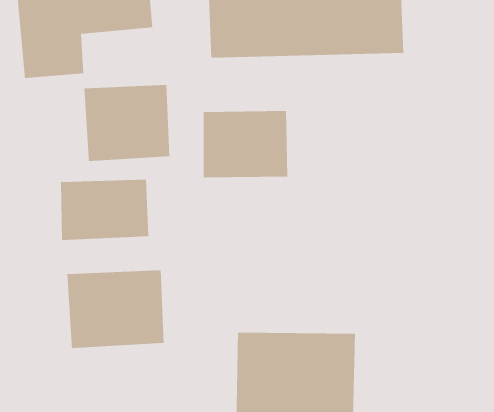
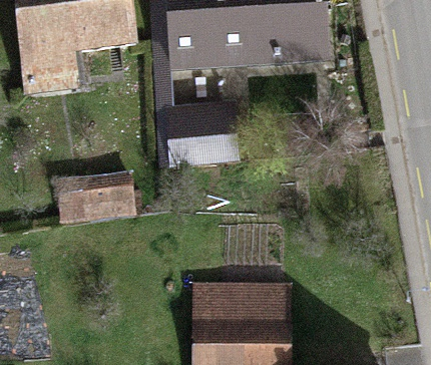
building: [84,84,170,162] -> none
building: [67,270,164,349] -> none

